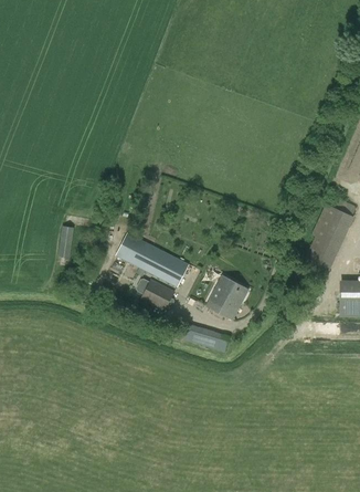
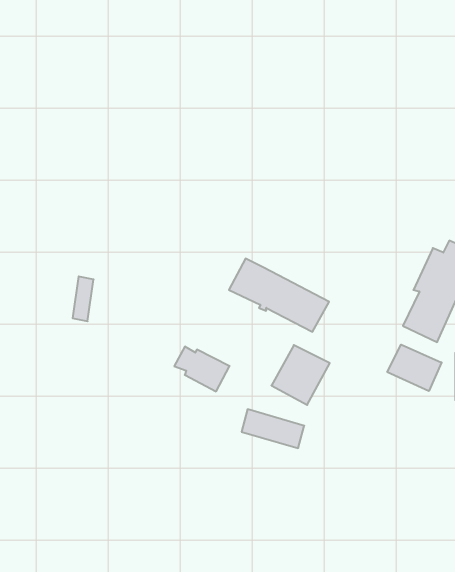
building: [115,232,189,286] -> [229,259,329,332]
building: none -> [387,345,442,391]

